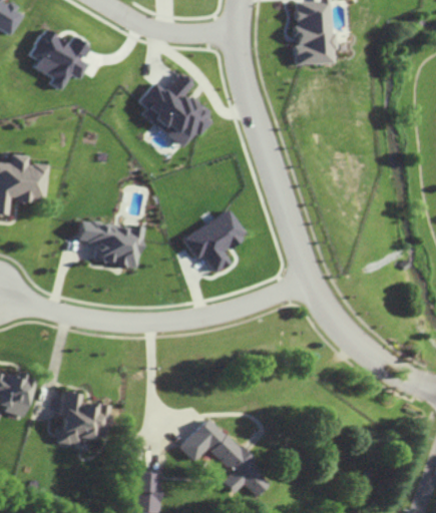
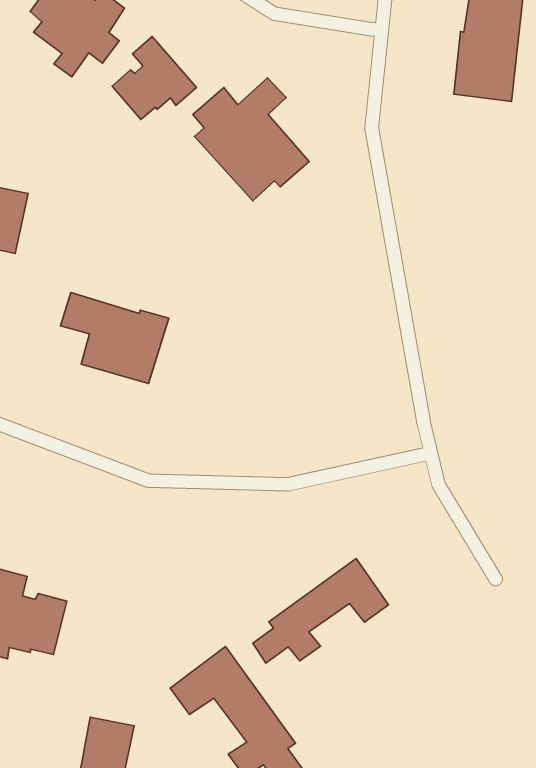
building: none -> [112,37,197,119]
building: [182,211,243,274] -> none
building: none -> [253,559,389,663]

